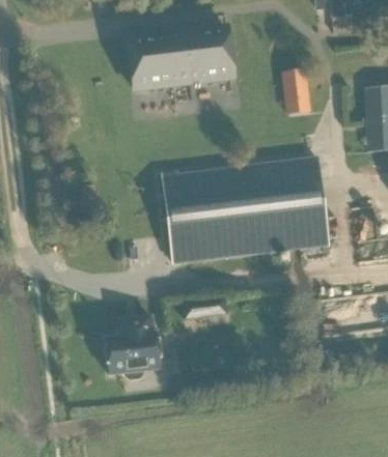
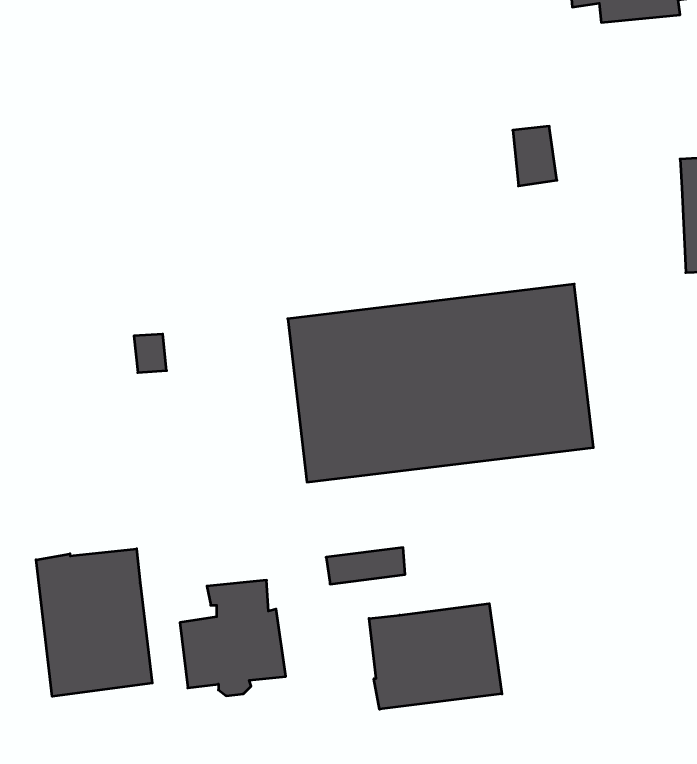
building: [129,27,233,88] -> none
building: none -> [36,549,152,696]
building: none -> [369,604,502,709]

